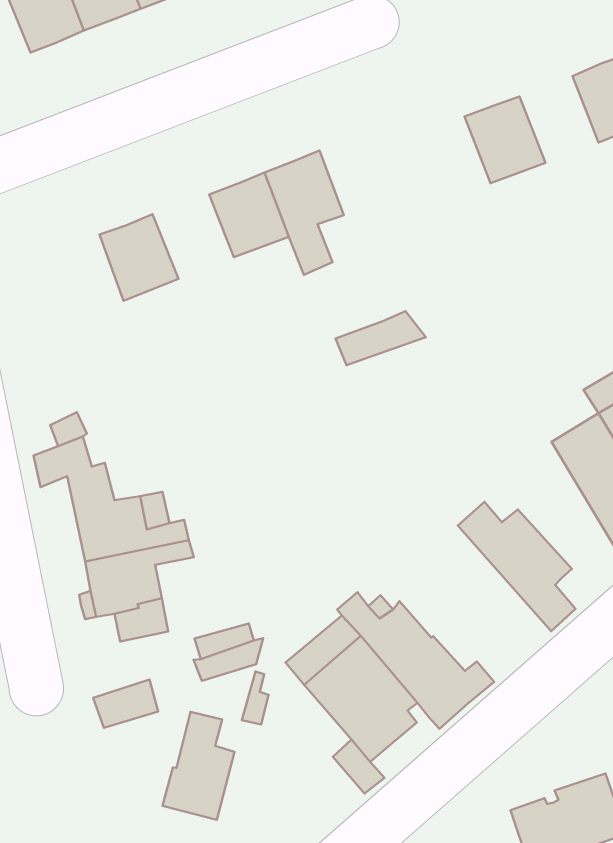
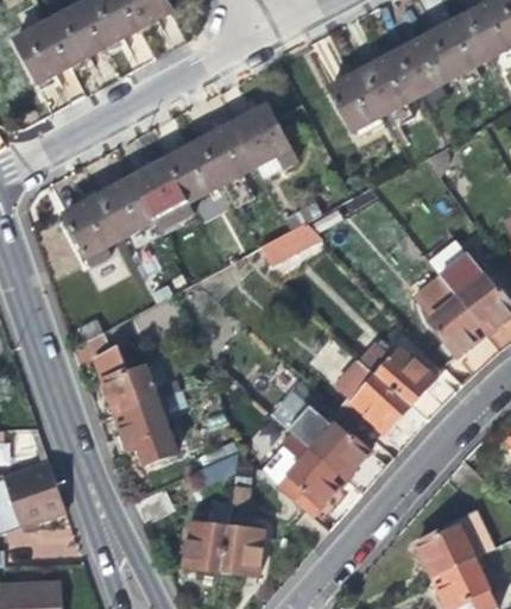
building: none -> [361,54,417,127]
building: none -> [234,105,298,177]
building: none -> [130,162,195,236]
building: none -> [63,197,118,268]
building: none -> [334,360,427,438]
building: none -> [222,523,264,577]

